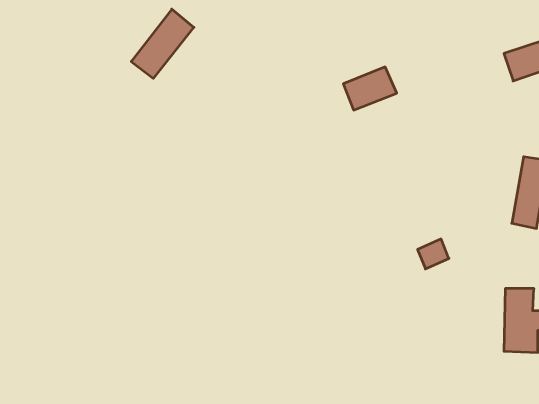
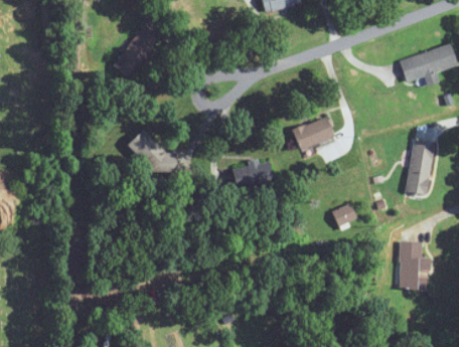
building: [343,67,397,110] -> [293,117,334,150]
building: none -> [128,129,173,177]
building: none -> [233,160,274,191]

